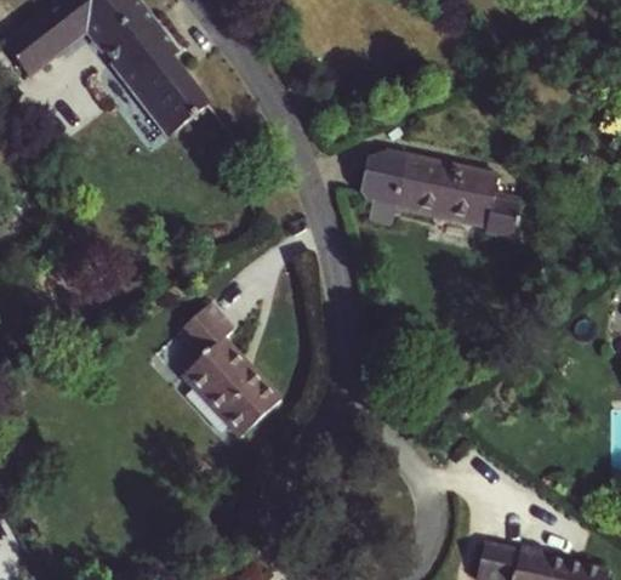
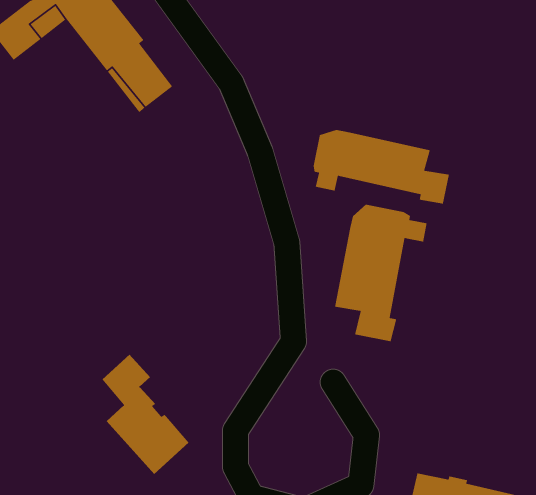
building: none -> [334,204,428,342]
building: [178,298,278,436] -> [102,354,190,475]

